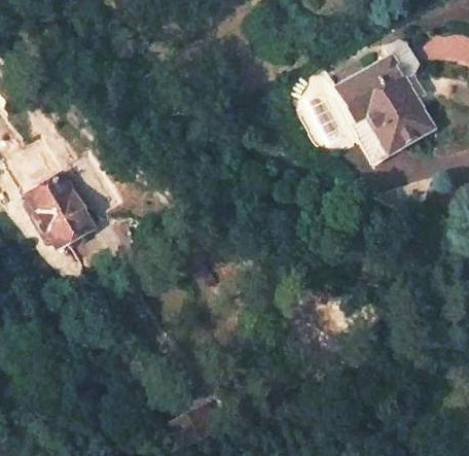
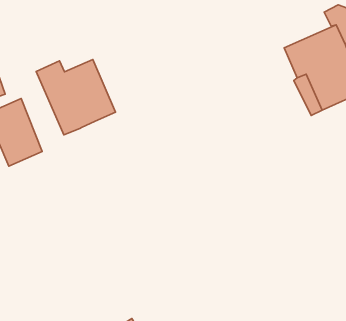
building: none -> [36,60,116,135]

